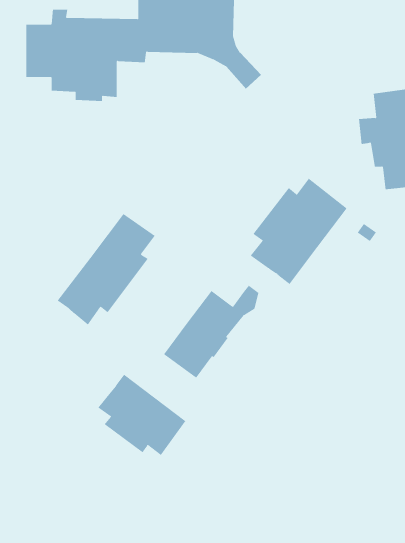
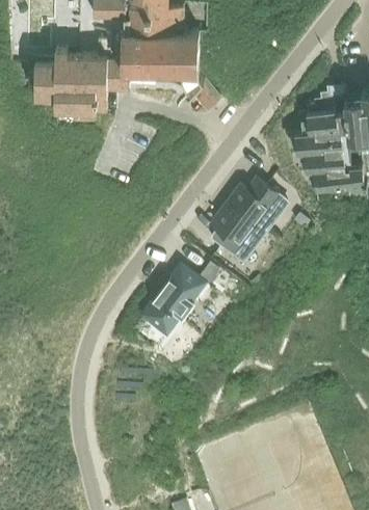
building: [57,213,156,325] -> none
building: [98,374,186,456] -> none

